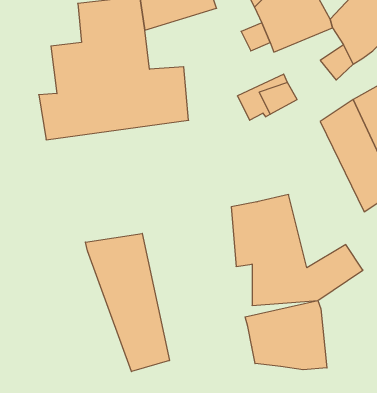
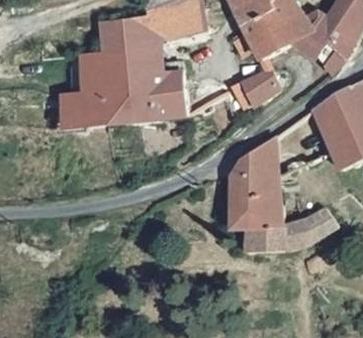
building: none -> [238,137,275,178]
building: [85,233,169,372] -> none
building: [245,301,327,370] -> none

